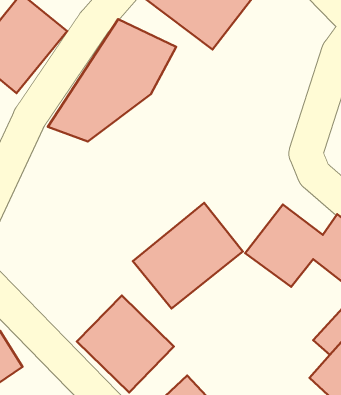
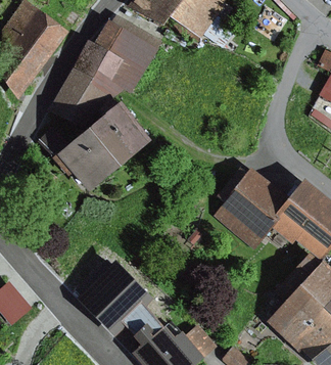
building: [133,203,243,308] -> [60,100,153,189]

